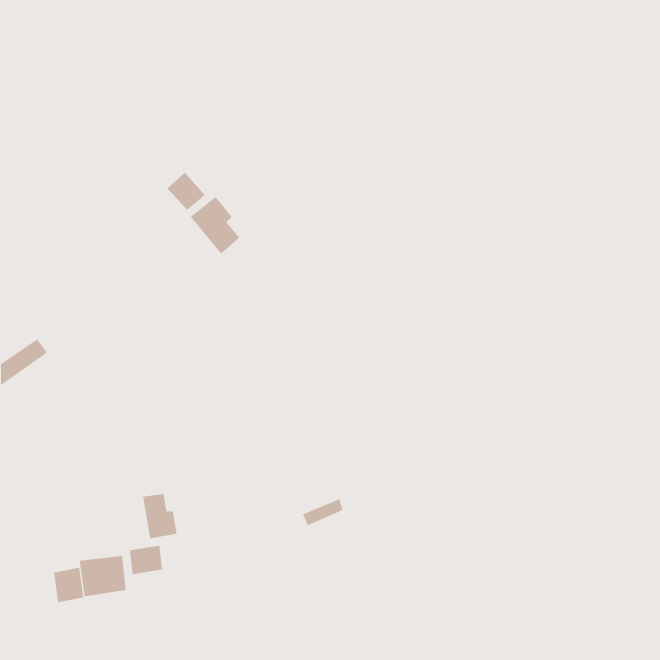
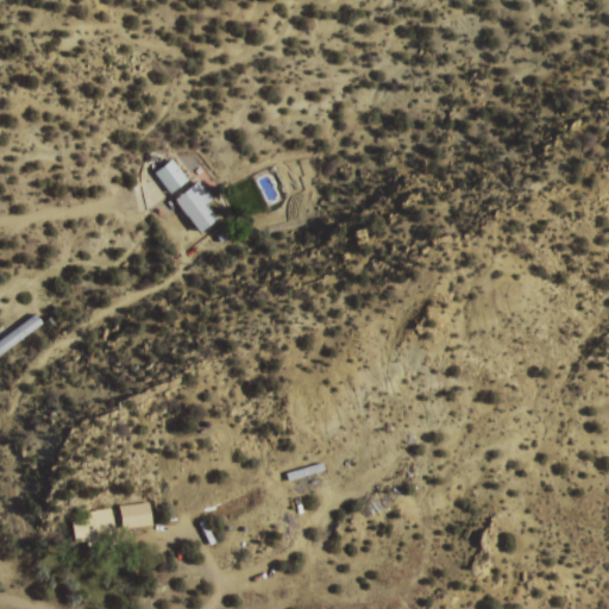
building: [143,493,177,539] -> none
building: [54,567,84,603] -> none

